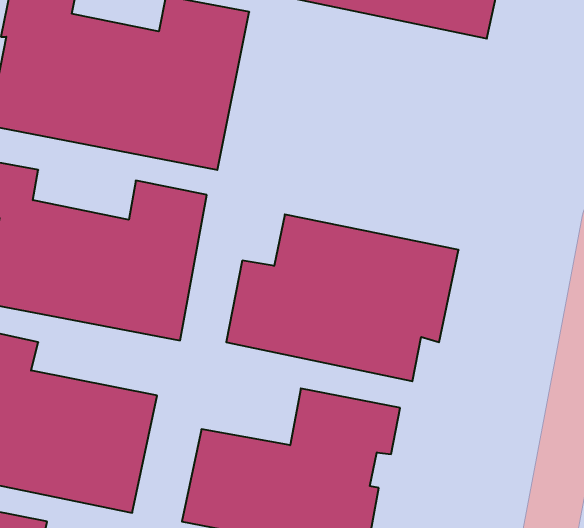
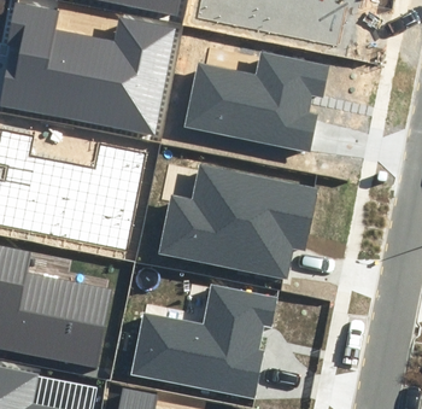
building: none -> [183,52,328,153]

